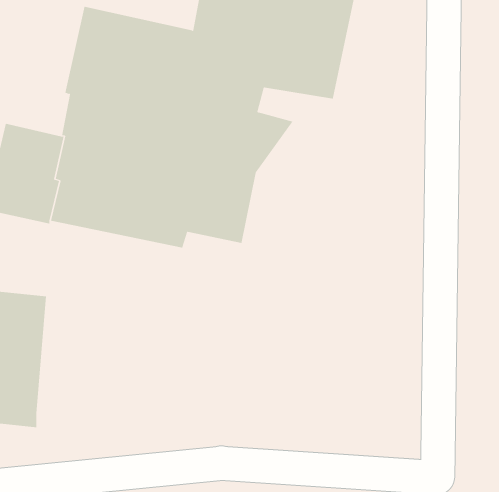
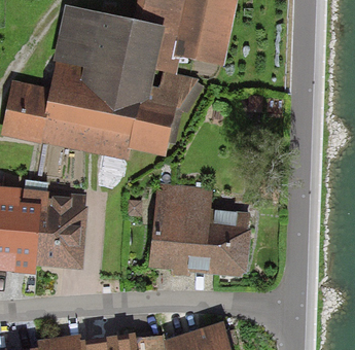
building: none -> [148,181,251,279]
building: none -> [34,191,90,271]

